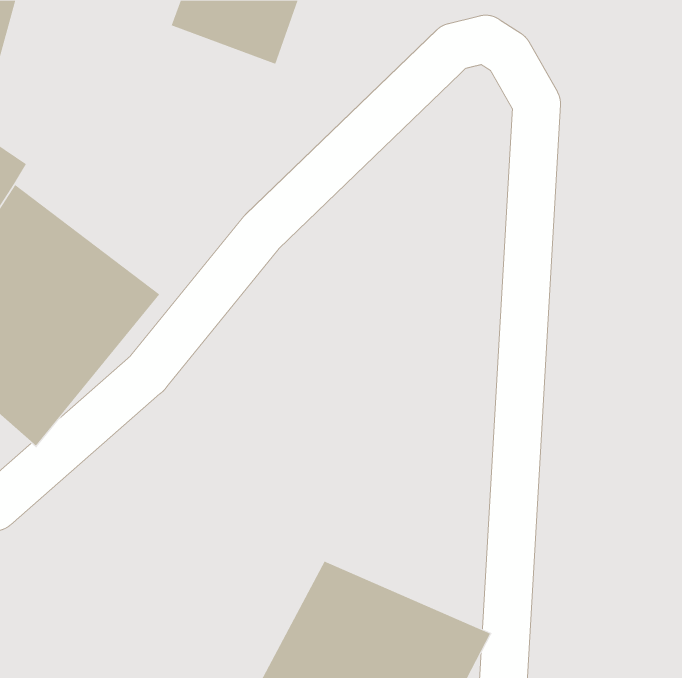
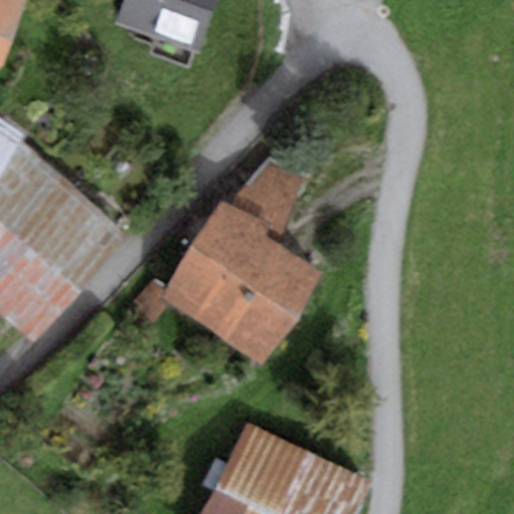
building: none -> [156,164,318,359]

